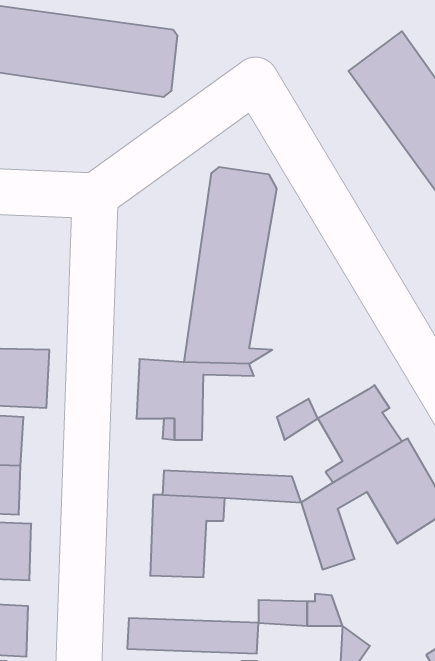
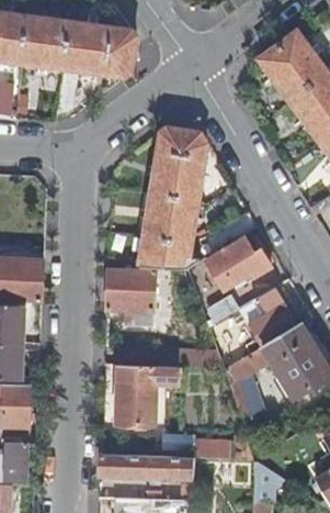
building: none -> [206,238,271,290]

